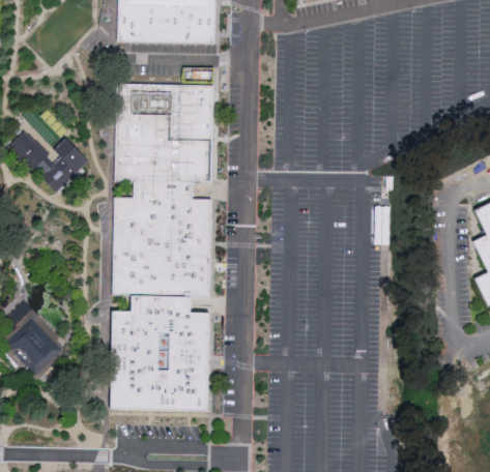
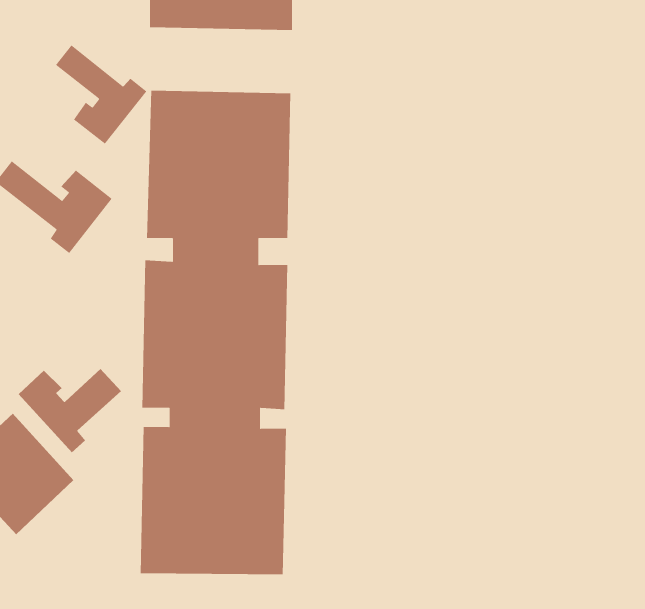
building: none -> [55,44,147,145]
building: none -> [18,368,122,453]

